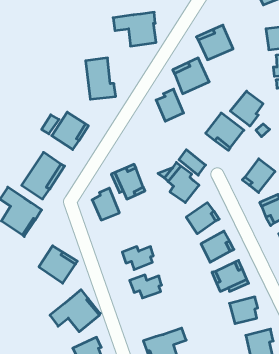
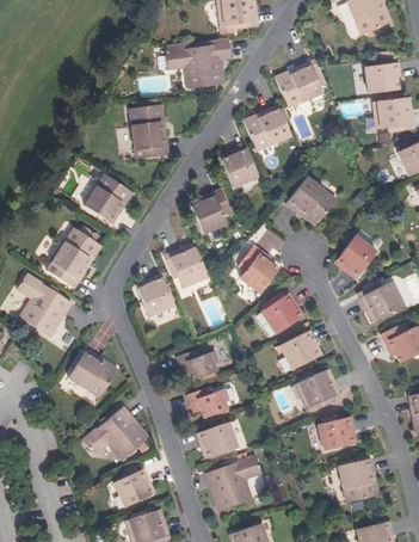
building: [230,91,263,126] -> none
building: none -> [191,187,230,233]
building: none -> [196,421,236,456]

